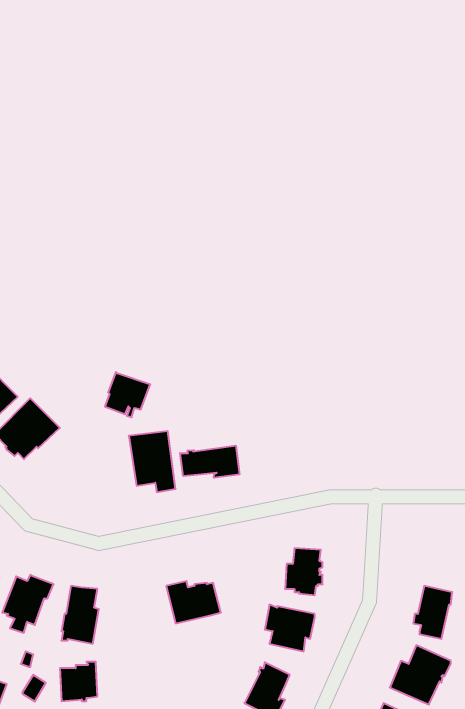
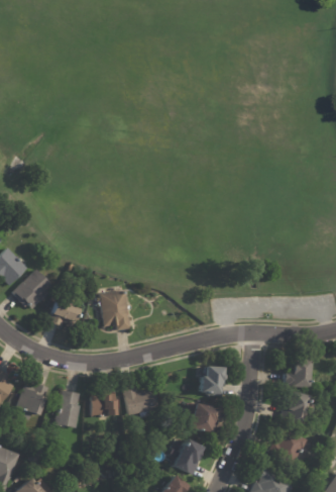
building: [105,372,150,417] -> [49,300,79,329]
building: [180,446,240,478] -> none
building: none -> [284,357,309,386]
building: [60,662,97,701] -> [91,392,115,417]

